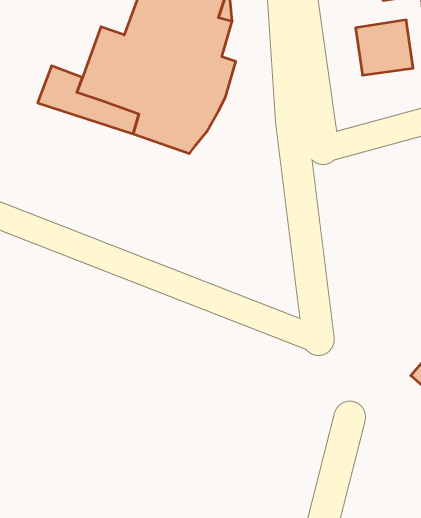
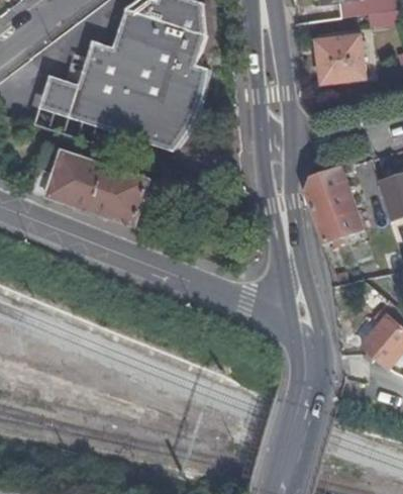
building: none -> [32,147,165,230]
building: none -> [305,167,362,241]

